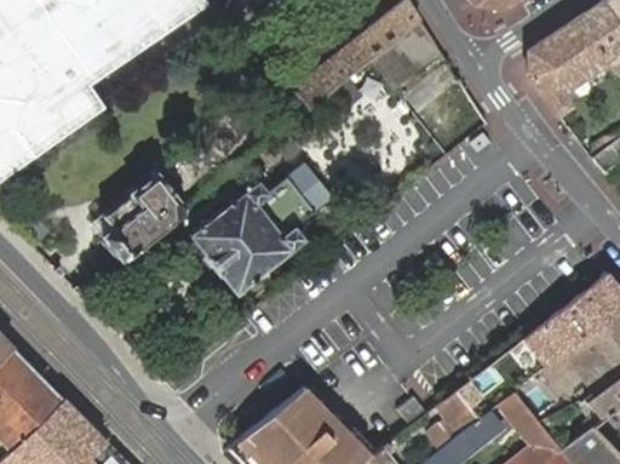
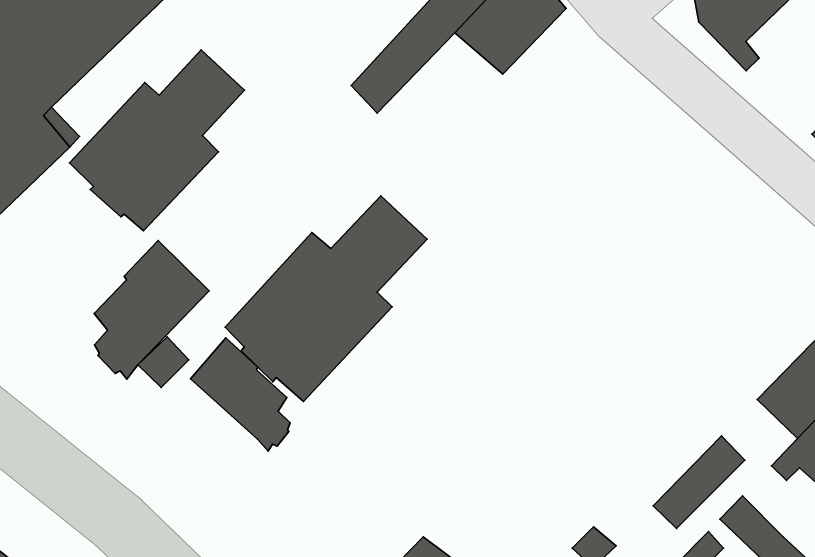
building: none -> [69,50,244,231]
building: none -> [190,338,290,451]

